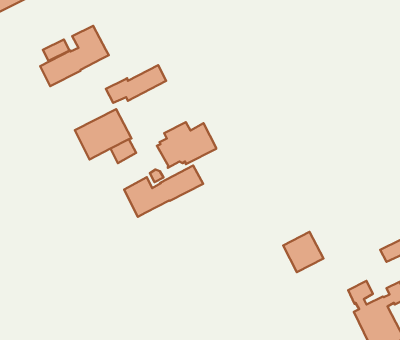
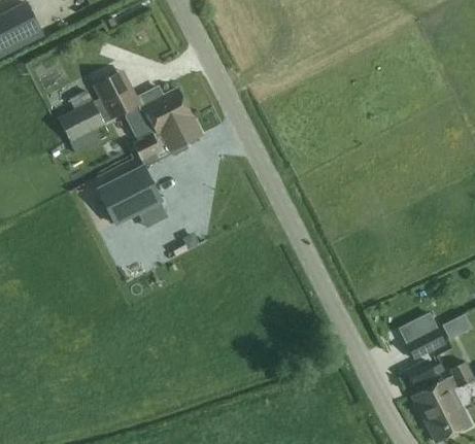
building: [157,122,216,168] -> [125,87,192,138]
building: [124,166,203,217] -> none
building: [283,232,323,272] -> [399,312,444,357]

